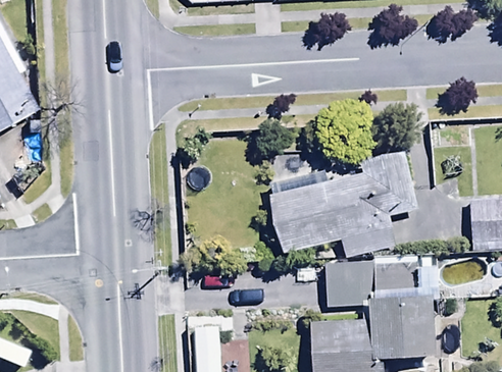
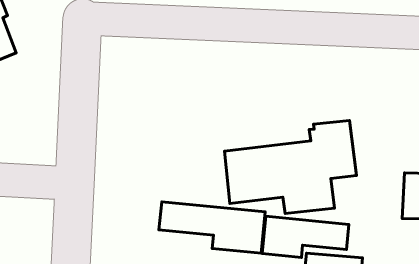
building: none -> [159,202,265,253]

